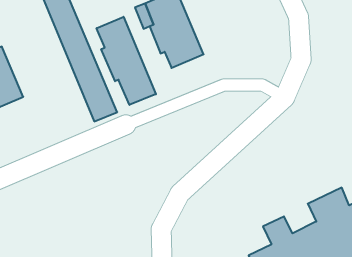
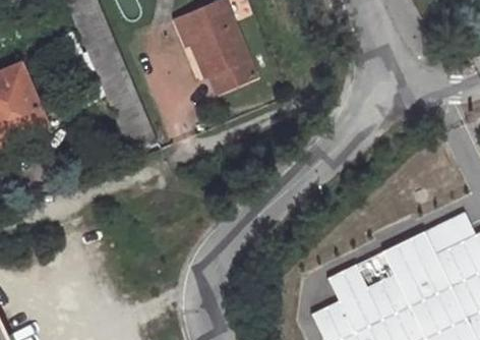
building: [97,17,156,105] -> none

